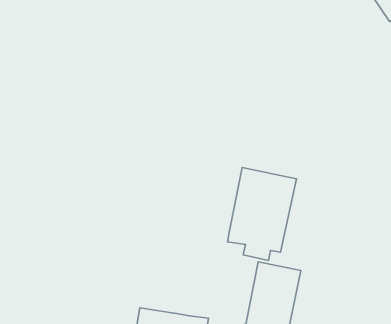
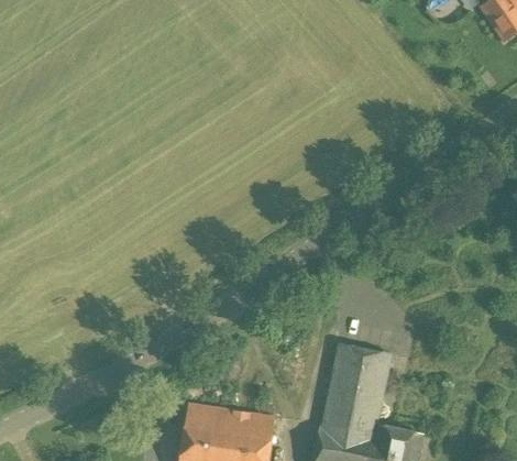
building: [228,168,296,261] -> none

